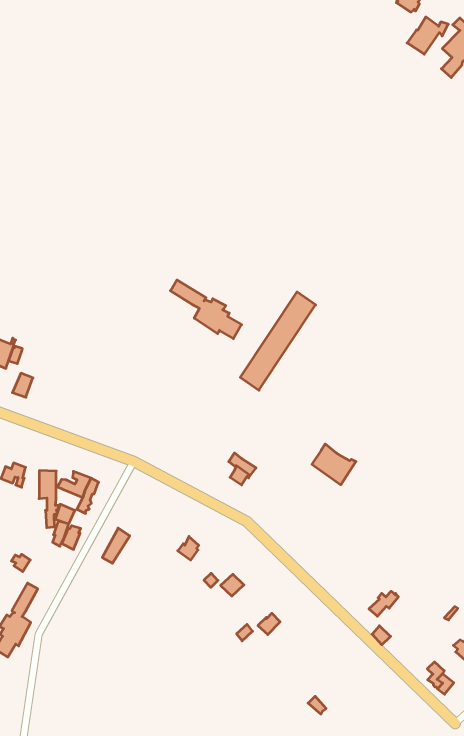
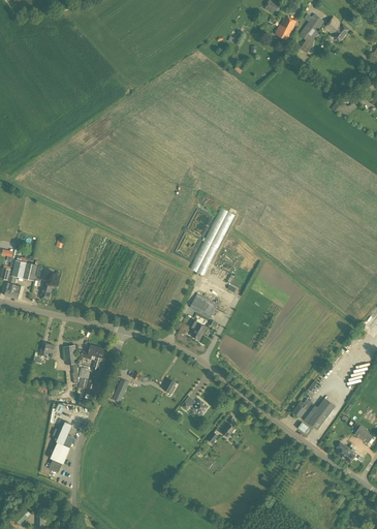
building: [170,280,242,339] -> none
building: [312,444,356,485] -> [189,291,218,317]
building: none -> [303,397,335,429]

